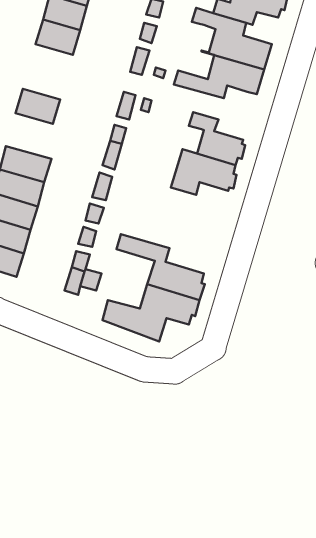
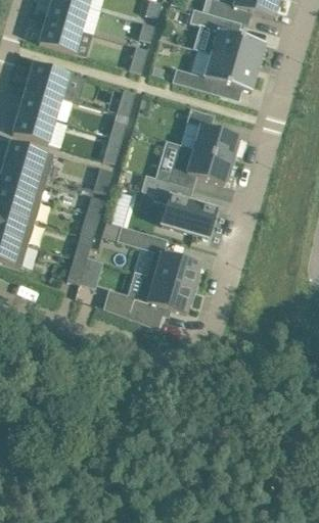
building: none -> [26,62,76,96]
building: none -> [12,109,54,143]
building: none -> [140,174,216,238]

